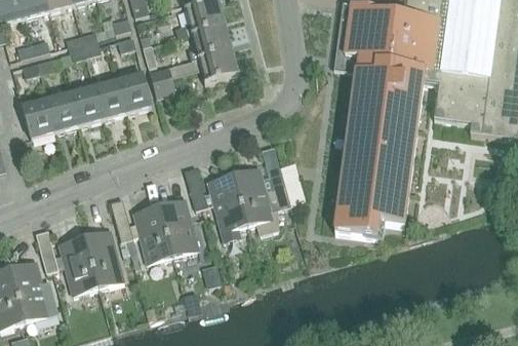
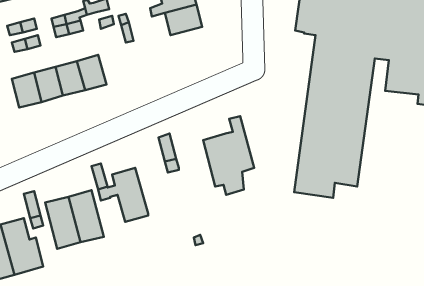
building: [149,48,239,98] -> none
building: [117,73,151,112] -> none
building: [207,174,246,240] -> none
building: [158,197,198,257] -> none

